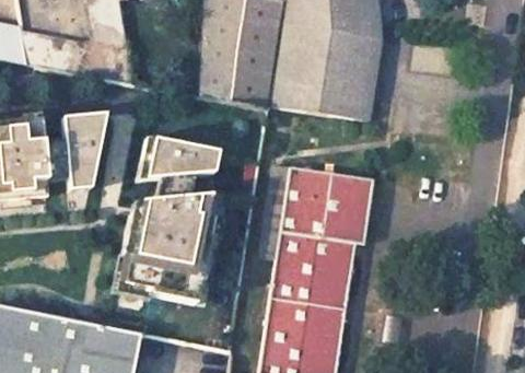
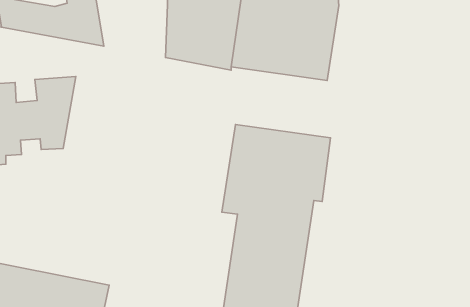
building: [118,139,223,305] -> none

